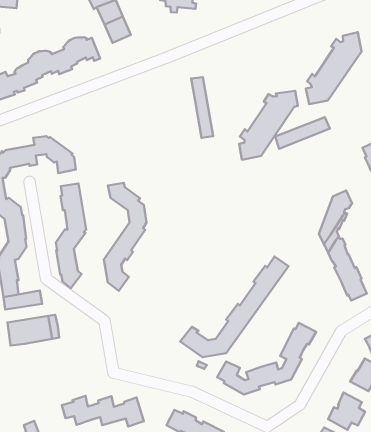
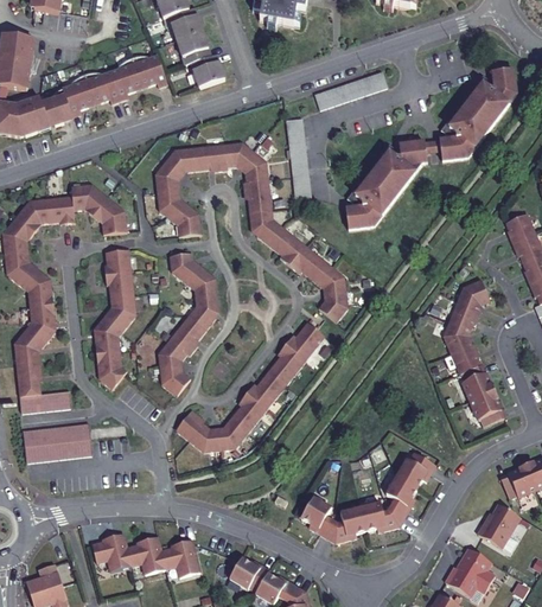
building: none -> [191,55,223,88]
building: none -> [154,142,347,322]
building: [275,117,330,149] -> [314,71,388,110]
building: [180,256,288,357] -> [174,322,324,452]

